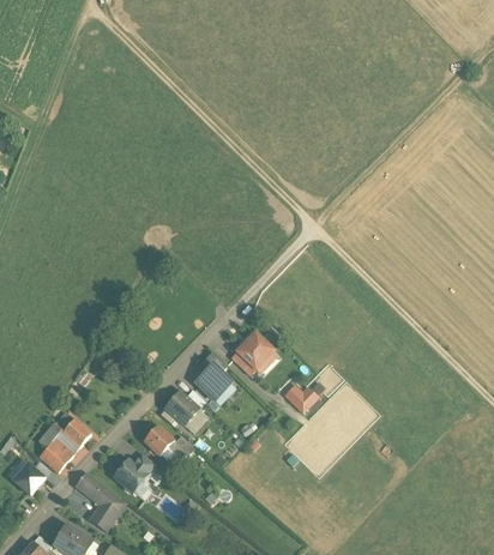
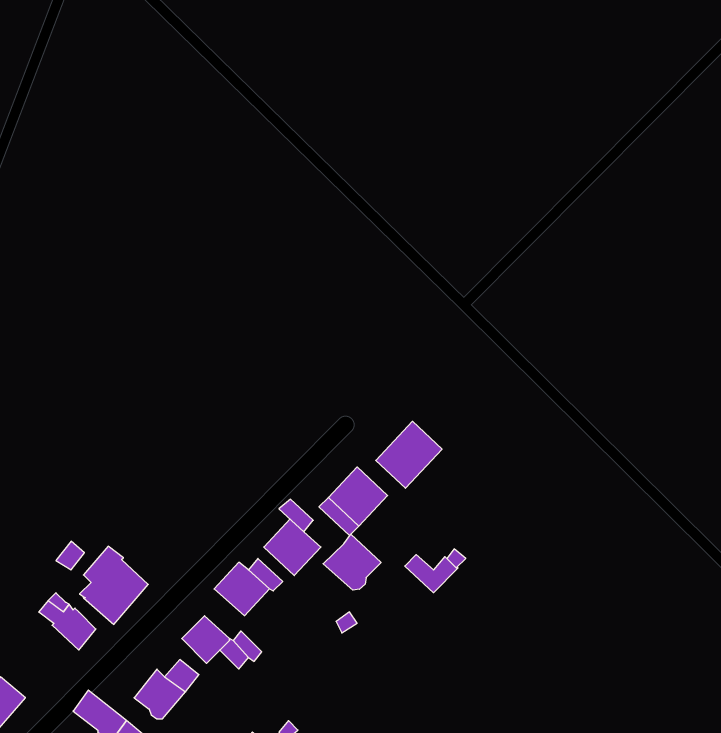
building: none -> [376,421,442,488]
building: none -> [323,534,381,590]
building: [36,423,79,472] -> [80,546,148,624]

